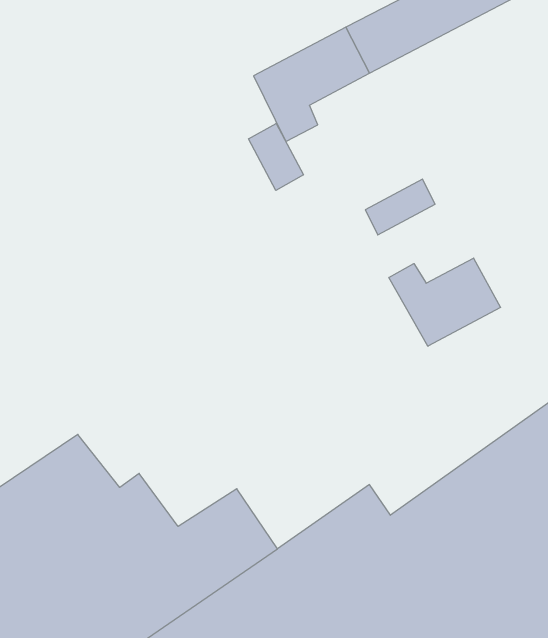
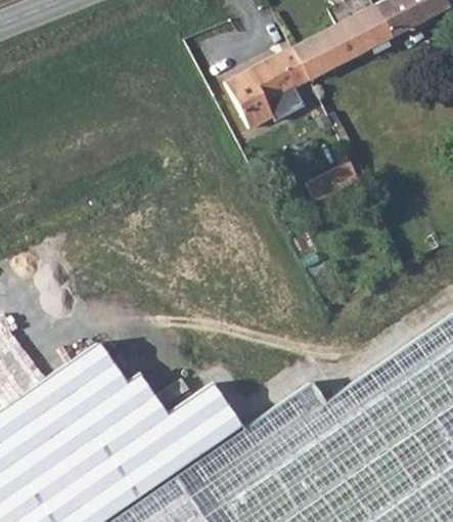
building: [249,123,303,190] -> none
building: [389,258,501,346] -> none

